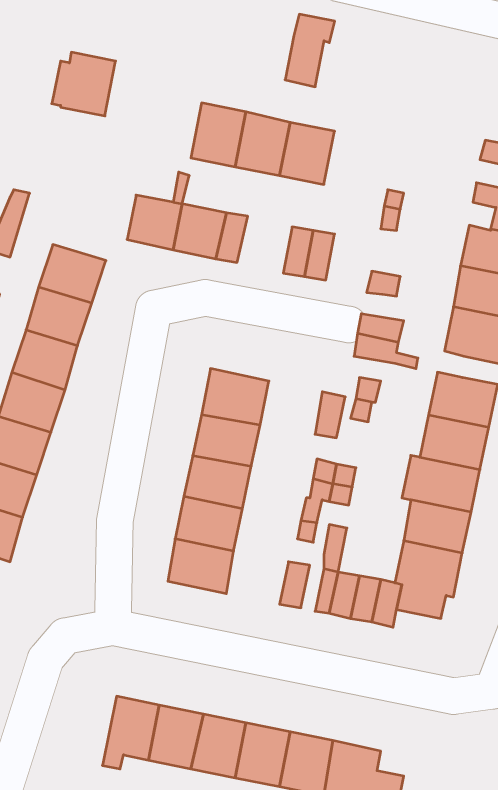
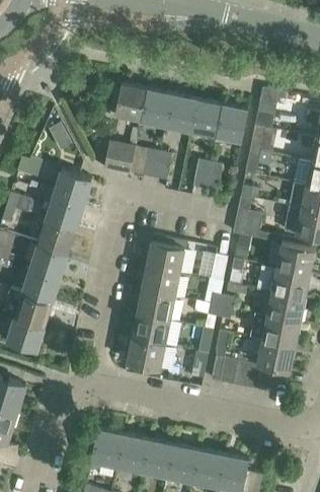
building: [285,14,335,87] -> [254,88,283,130]
building: [52,52,116,116] -> [109,84,146,121]
building: none -> [216,106,247,141]

